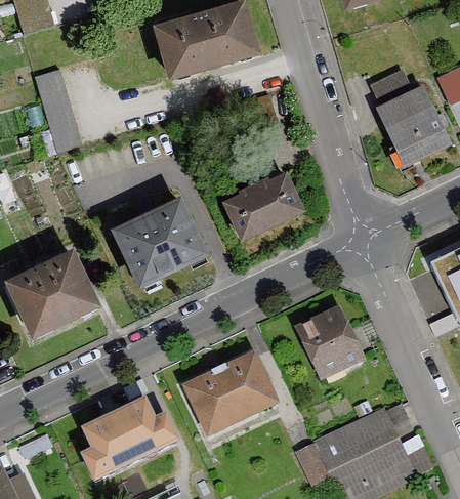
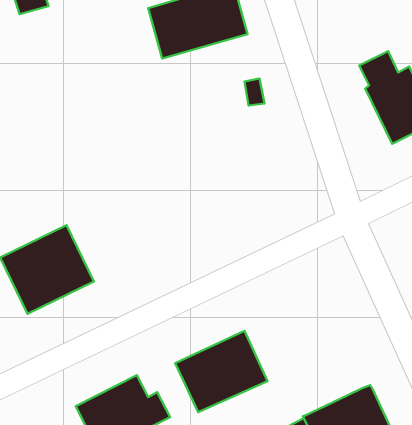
building: [36,70,79,149] -> none
building: [223,169,304,238] -> none
building: [111,195,209,286] -> none
building: [294,307,365,380] -> none

